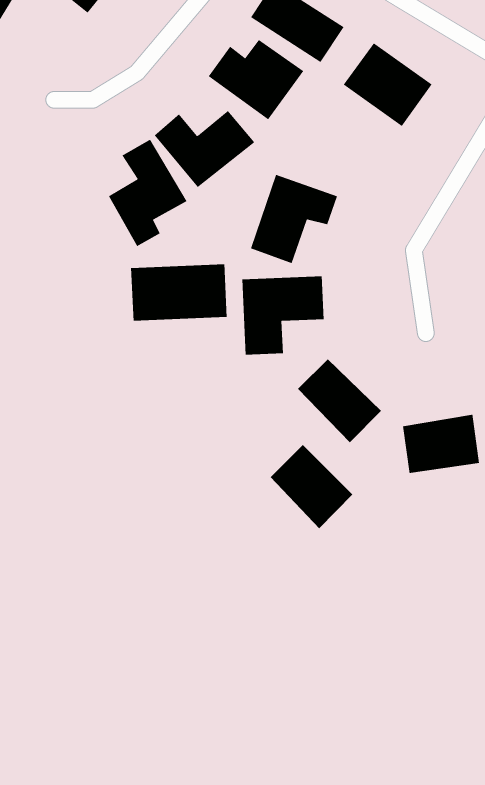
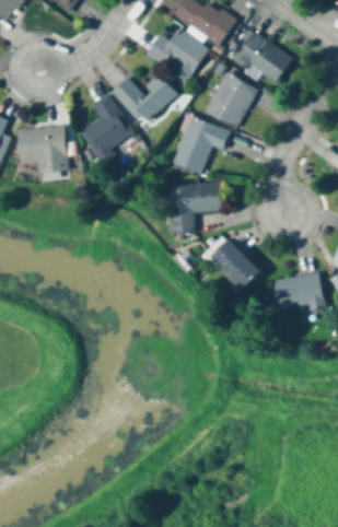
building: none -> [205,72,257,129]
building: none -> [18,126,68,172]
building: [131,263,227,322] -> none
building: [270,444,353,529] -> none

